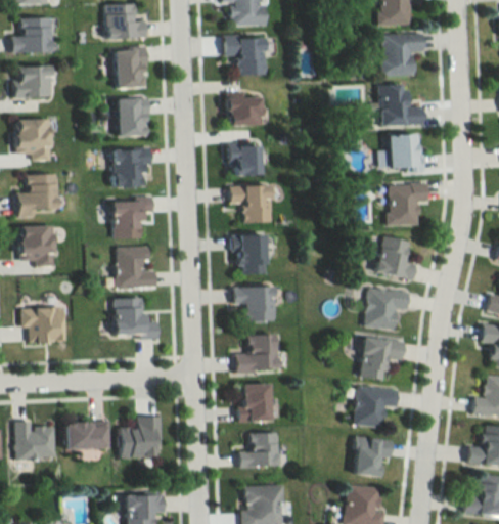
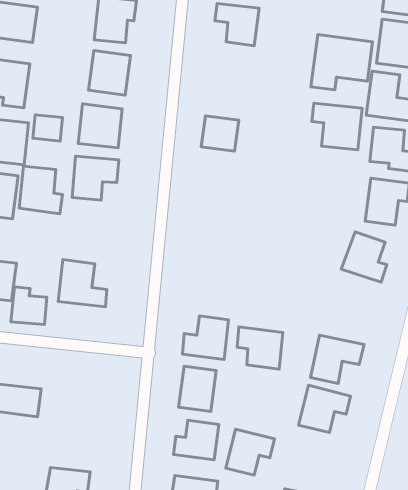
building: none -> [311,34,373,90]
building: [224,96,261,125] -> none
building: none -> [312,103,362,150]
building: none -> [33,115,63,141]
building: [228,184,270,222] -> none
building: [233,234,264,273] -> none
building: [116,247,155,288] -> [19,166,62,214]
building: [232,286,275,320] -> [237,327,283,369]
building: [363,287,407,330] -> none
building: none -> [11,287,47,324]
building: [119,416,162,456] -> none
building: [351,436,393,477] -> [226,429,275,475]

